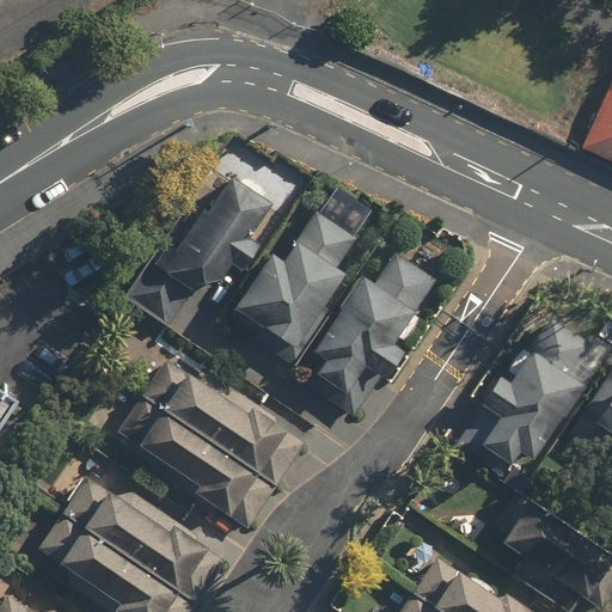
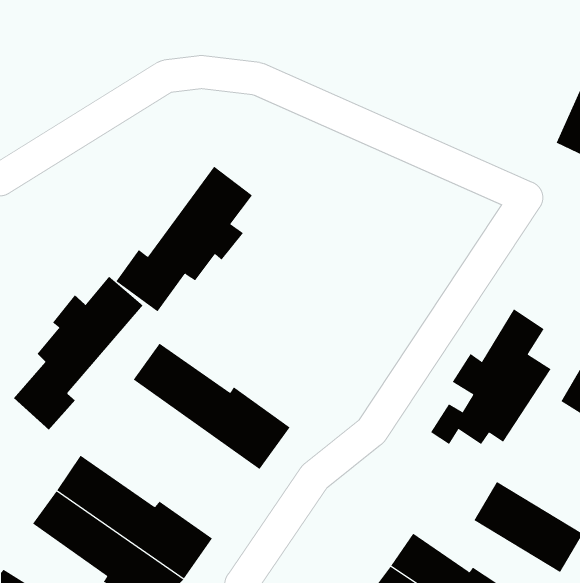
building: [231,210,356,349] -> none
building: [312,250,436,416] -> none
building: none -> [13,276,143,431]
building: [120,398,276,532] -> none

